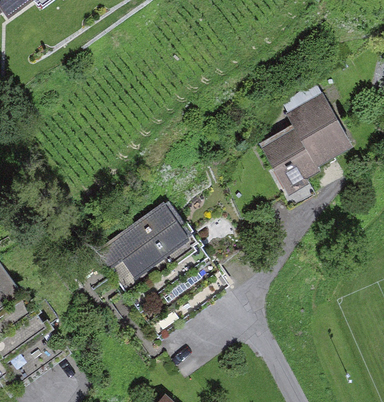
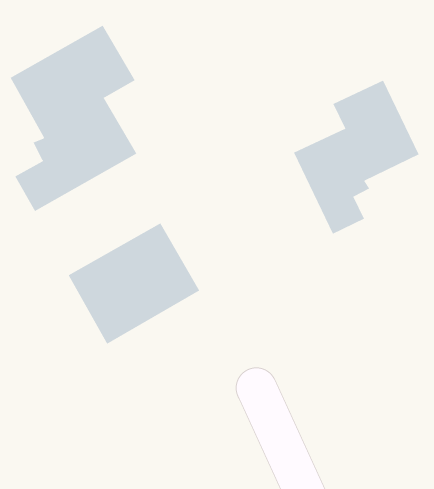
building: none -> [10,25,137,212]

